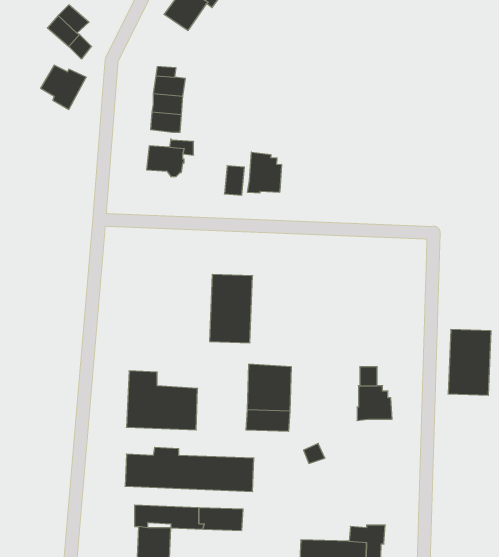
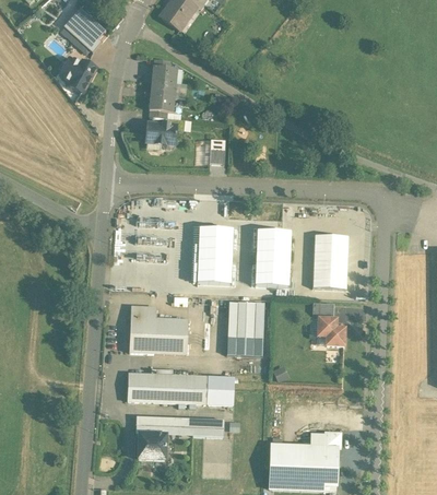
building: [248,152,281,193] -> none
building: none -> [255,229,290,286]
building: [448,330,491,395] -> [312,235,347,288]

